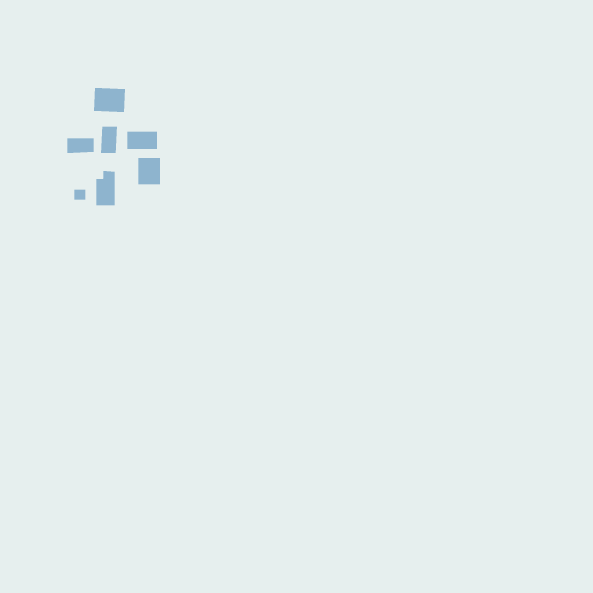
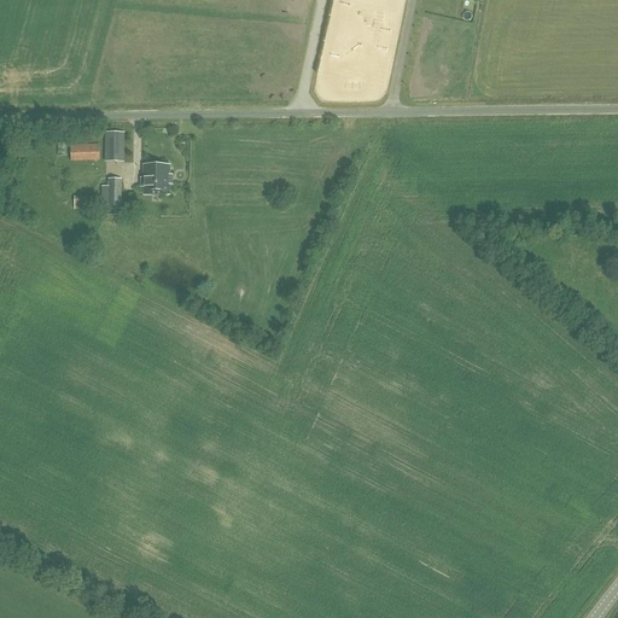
building: [93,87,126,113] -> none
building: [127,131,158,150] -> none

